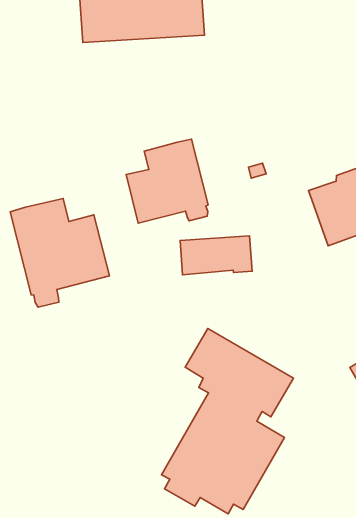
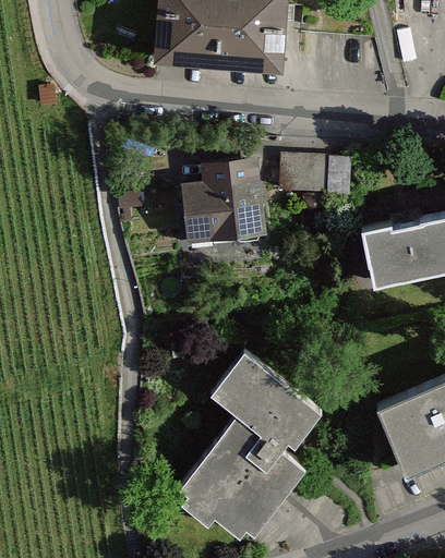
building: [10,198,110,307] -> none
building: [180,236,252,275] -> [279,157,350,196]

